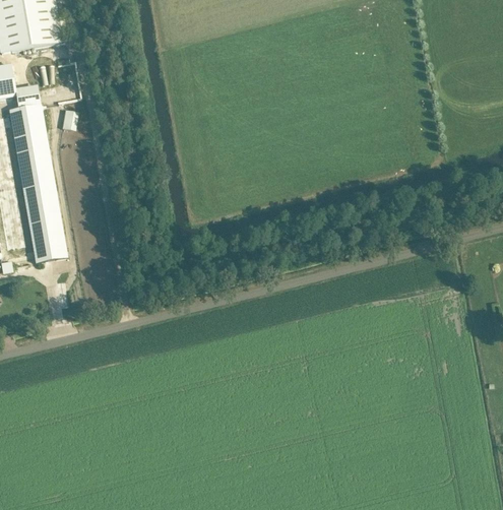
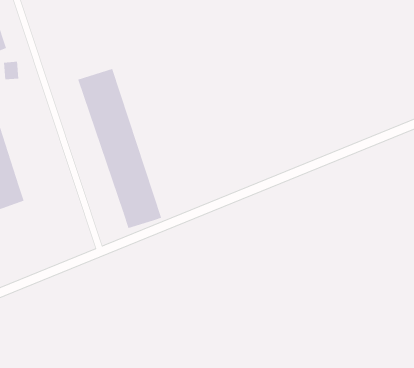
building: none -> [78,68,162,229]

